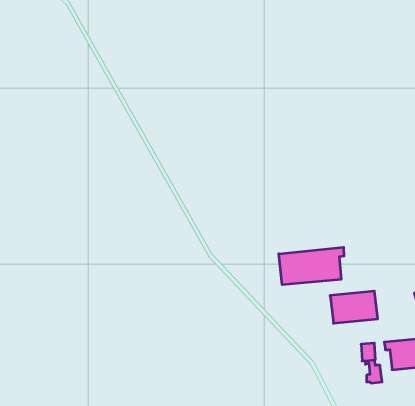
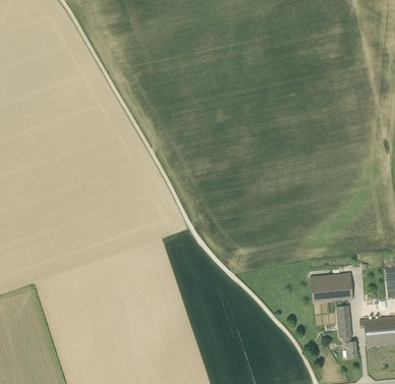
building: [279,247,344,285] -> none

